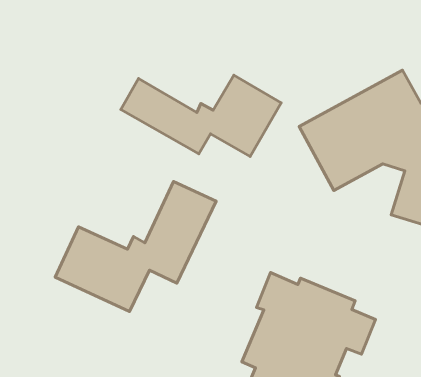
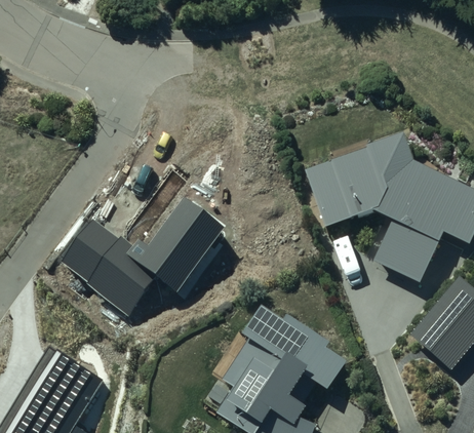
building: [121,75,281,156] -> none

